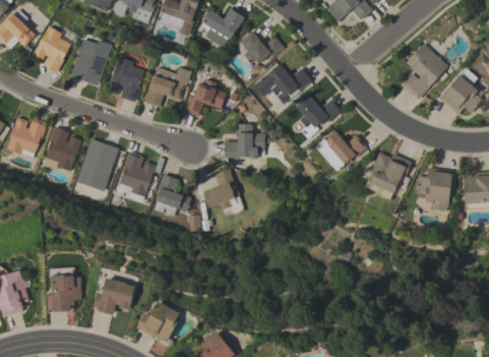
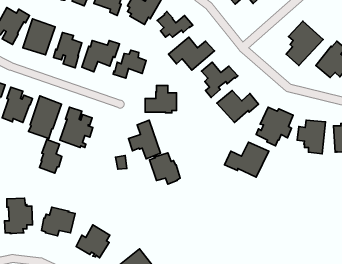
building: [155,174,183,217] -> [39,139,62,173]
building: none -> [225,142,269,177]
building: none -> [149,153,180,184]

